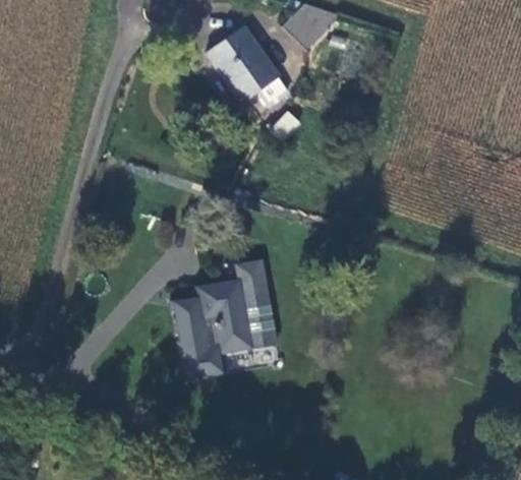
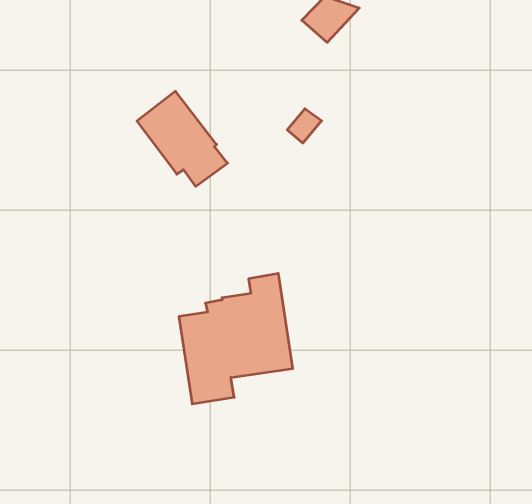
building: [207,26,290,114] -> [137,91,228,186]

